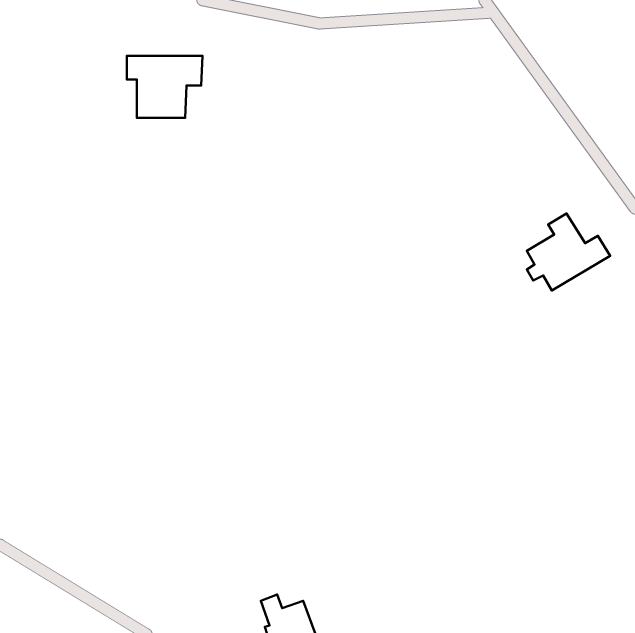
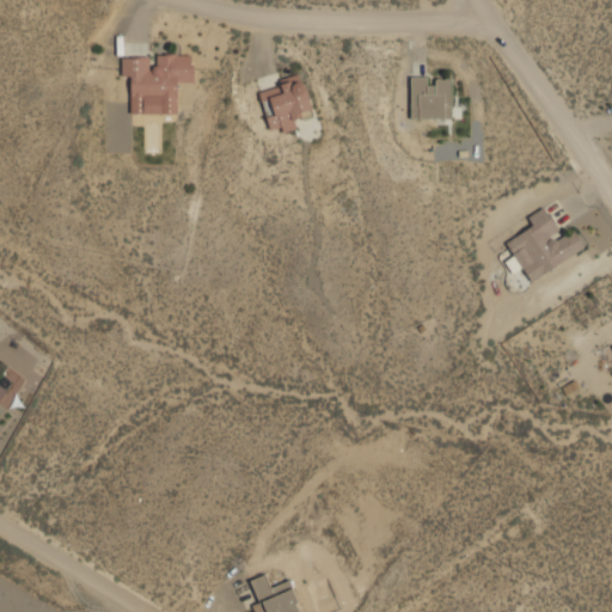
building: none -> [258,76,316,134]
building: none -> [411,78,452,118]

